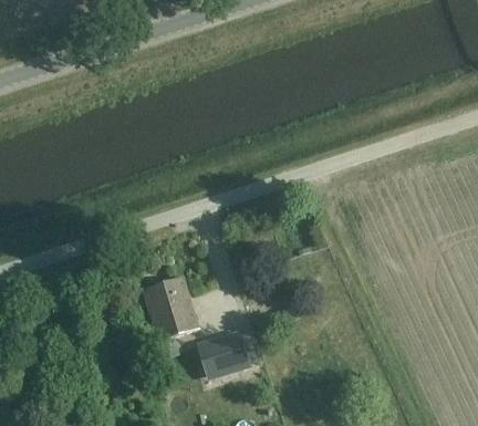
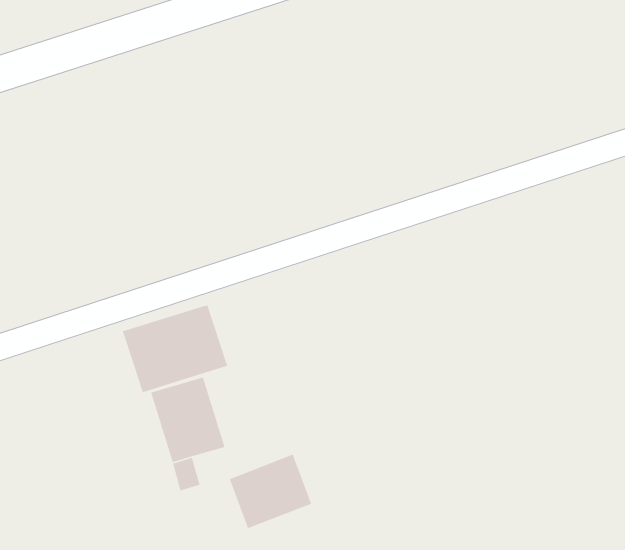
building: none -> [122,304,228,393]

